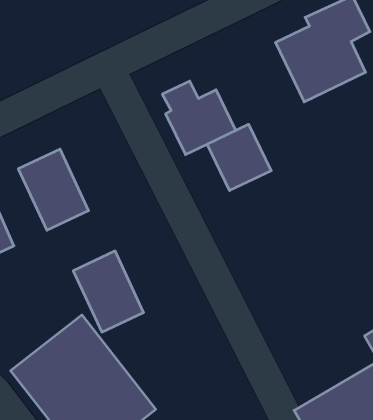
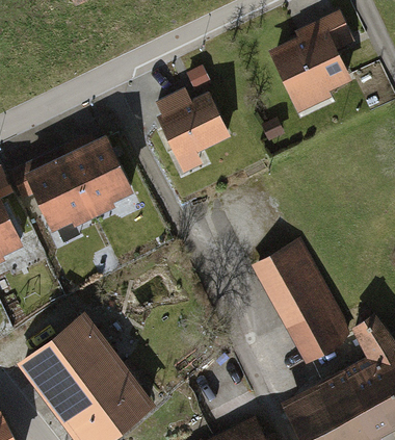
building: [207,124,271,191] -> none
building: none -> [252,241,351,359]
building: [73,251,144,332] -> [63,136,130,213]

